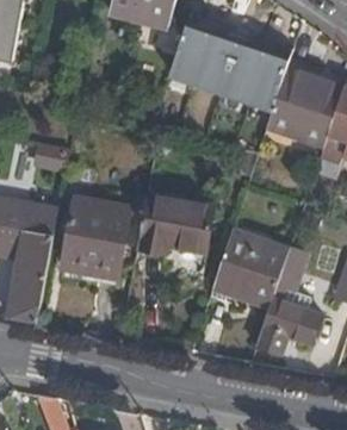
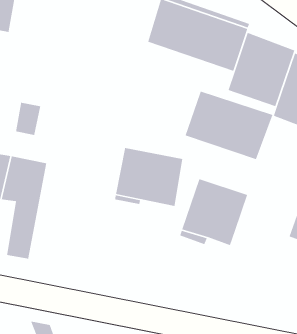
building: none -> [184,90,273,160]
building: [62,197,129,276] -> none
building: [255,289,323,353] -> none

